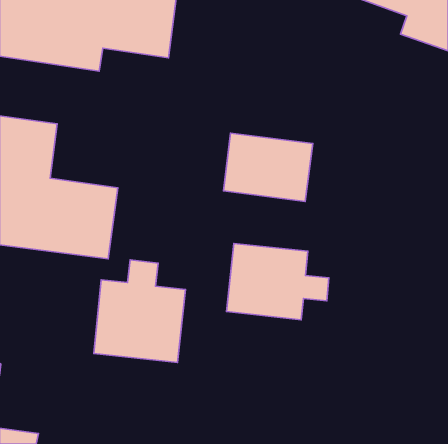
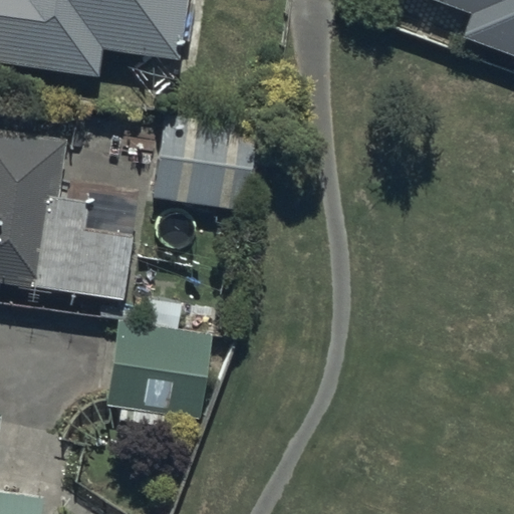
building: [223,133,313,201] -> [154,130,256,208]
building: [227,244,329,320] -> none

